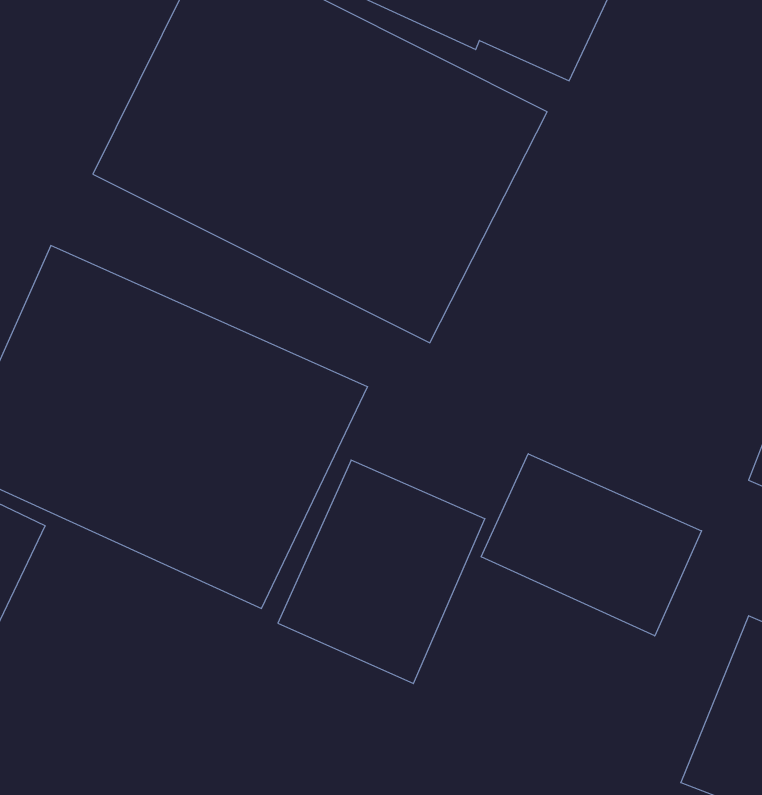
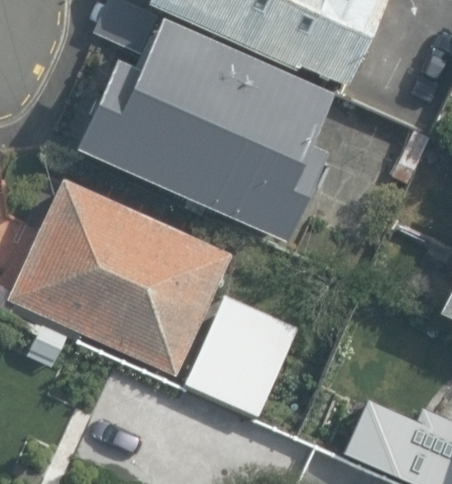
building: [481,454,702,636] -> none

